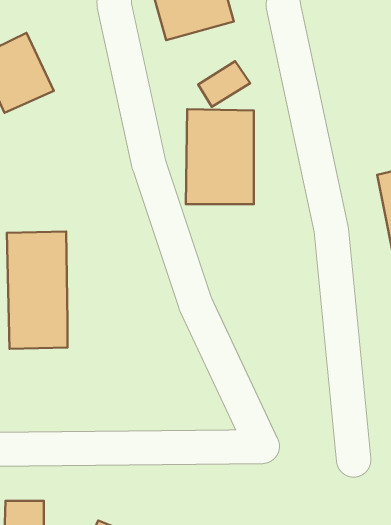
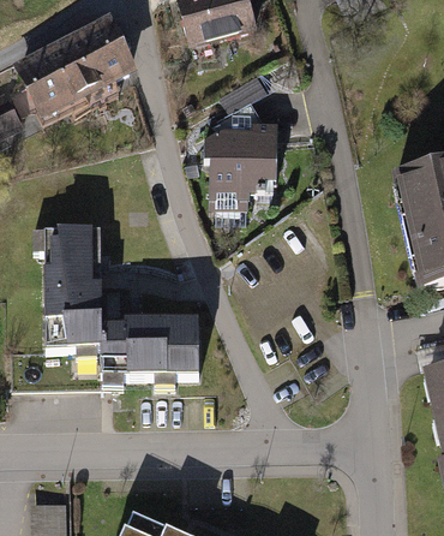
building: none -> [59,14,134,94]
building: none -> [98,318,202,375]

